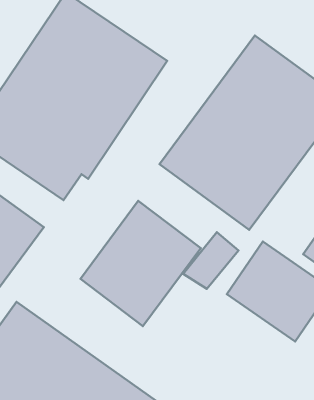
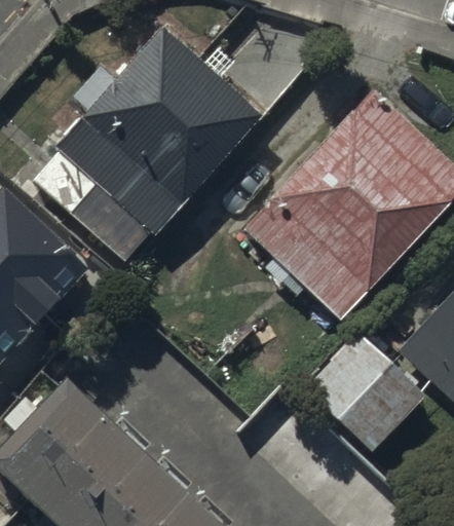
building: [80,201,201,326] -> none

